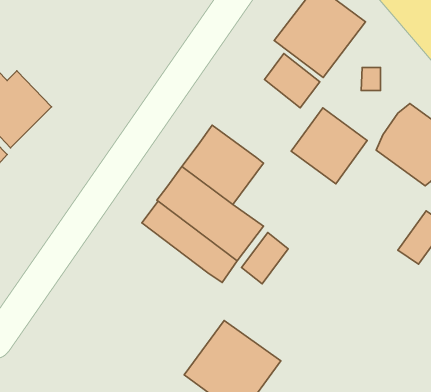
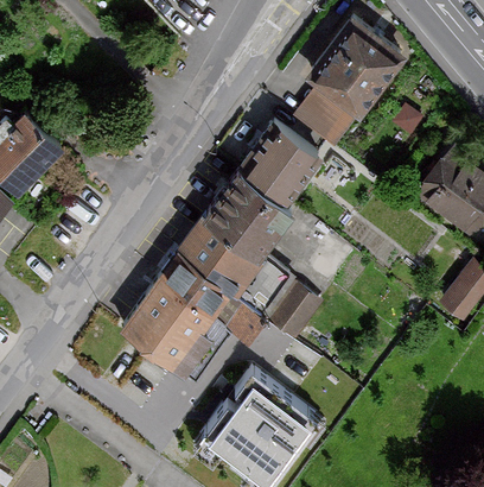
building: [291,108,367,184] -> [237,121,320,204]
building: none -> [121,276,233,381]

